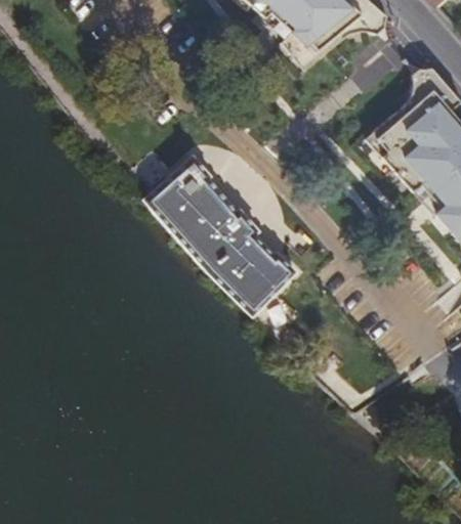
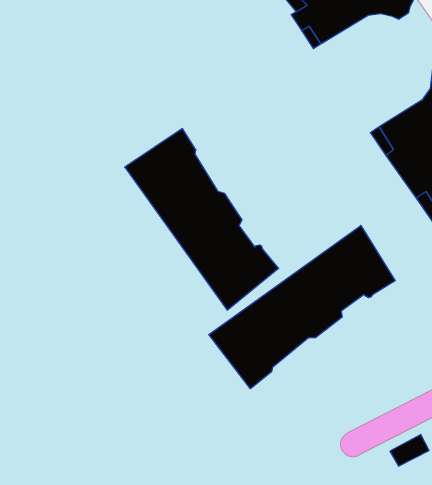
building: none -> [209,225,395,389]

